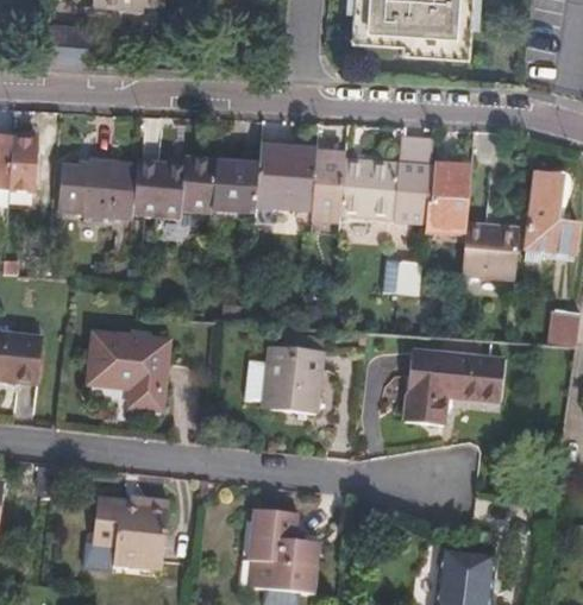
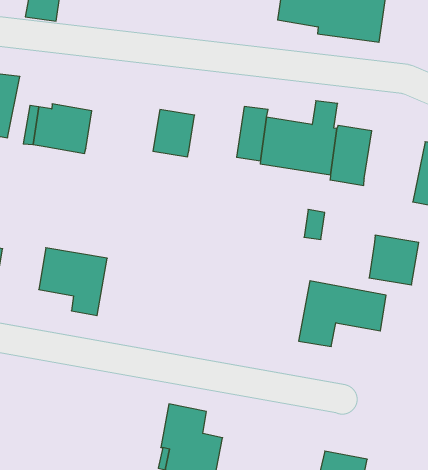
building: [256,145,318,209] -> none
building: [133,157,218,216] -> none
building: [463,223,519,279] -> [369,235,419,285]
building: [262,345,322,414] -> none
building: [92,500,169,568] -> none

